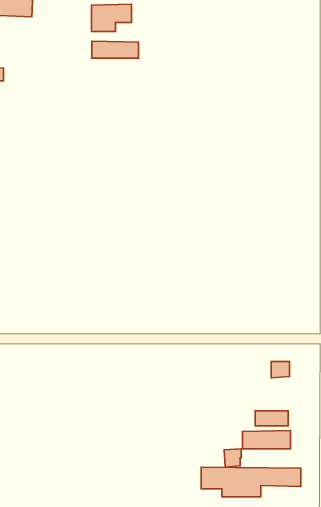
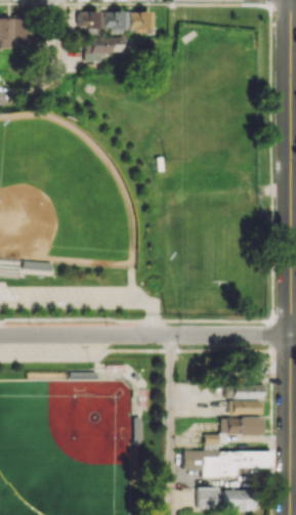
building: [92,41,139,58] -> none
building: none -> [234,384,266,398]

